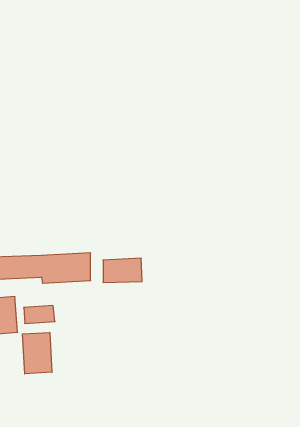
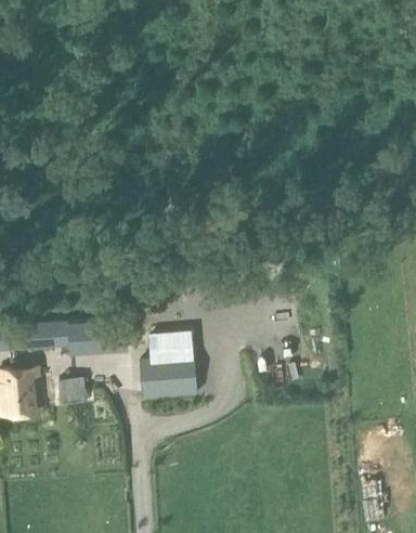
building: none -> [134,357,194,399]
building: [23,332,52,374] -> none

